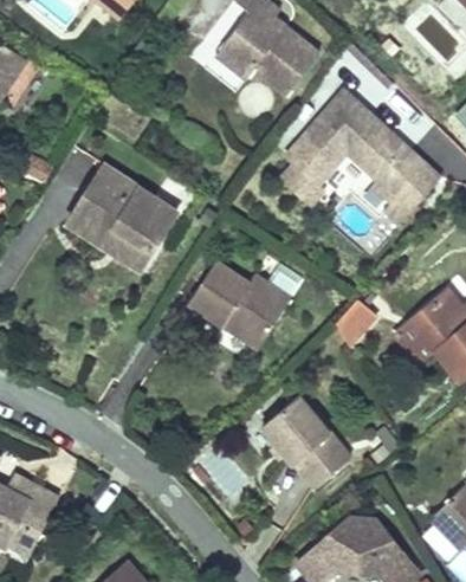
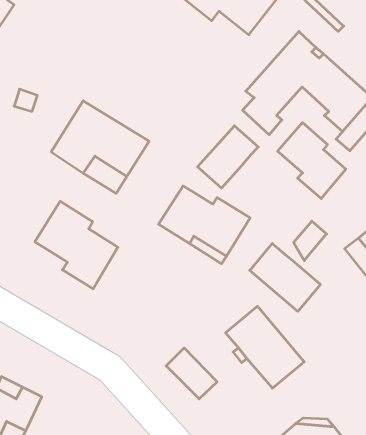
building: none -> [278,123,346,199]
building: none -> [198,126,258,188]
building: none -> [35,201,118,289]
building: none -> [250,243,320,311]

